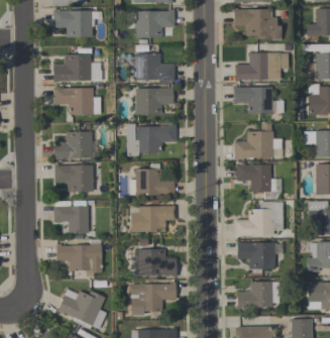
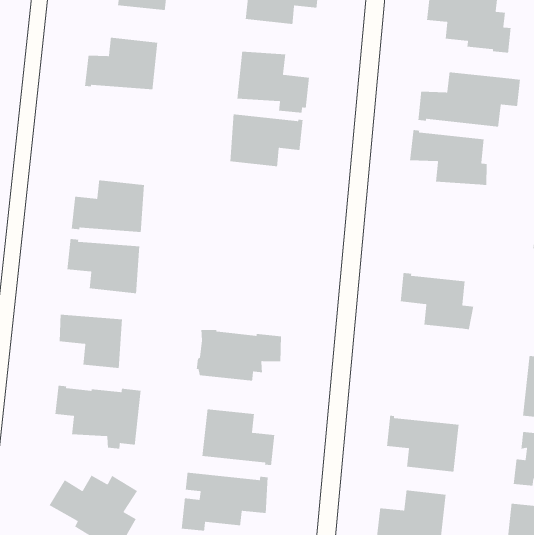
building: [54,87,101,114] -> none
building: [125,123,177,155] -> none
building: [234,123,283,158] -> none
building: [129,163,175,196] -> none
building: [235,201,284,236] -> none

